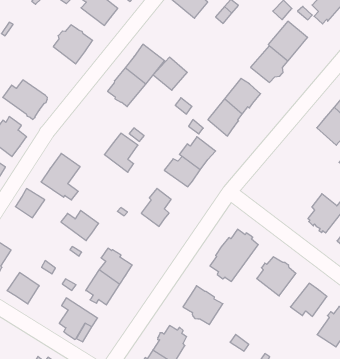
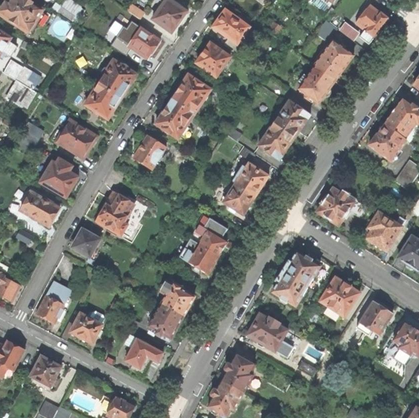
building: none -> [85,78,122,118]
building: [153,57,187,90] -> [196,42,230,75]
building: [104,133,138,172] -> [133,134,166,173]
building: none -> [317,186,369,224]
building: [61,210,99,241] -> [180,243,218,273]

